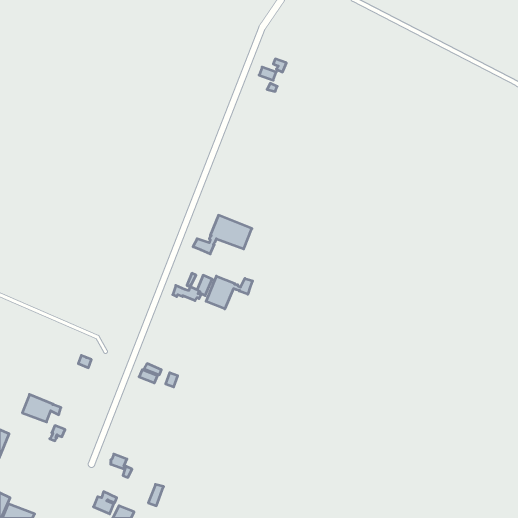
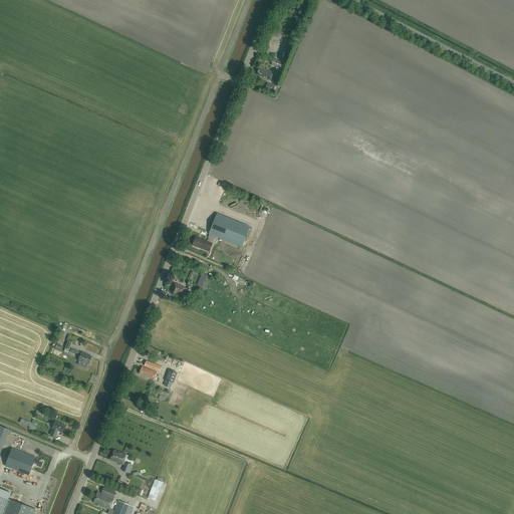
building: [206,276,253,309] -> none
building: [22,394,61,422] -> [4,447,42,474]

